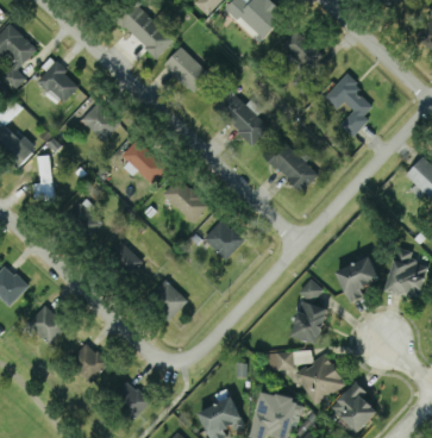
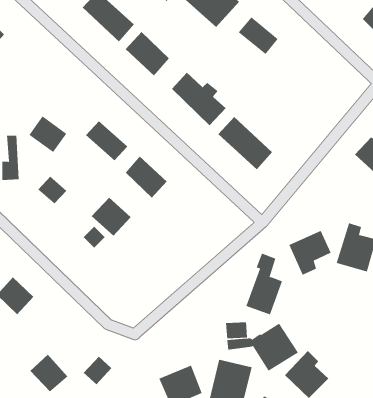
building: [38,63,80,104] -> none
building: [325,76,375,137] -> none
building: [81,102,121,142] -> [29,116,67,153]
building: [204,219,245,261] -> none
building: [145,280,188,321] -> [91,197,132,236]
building: [68,342,108,382] -> [30,354,68,392]

